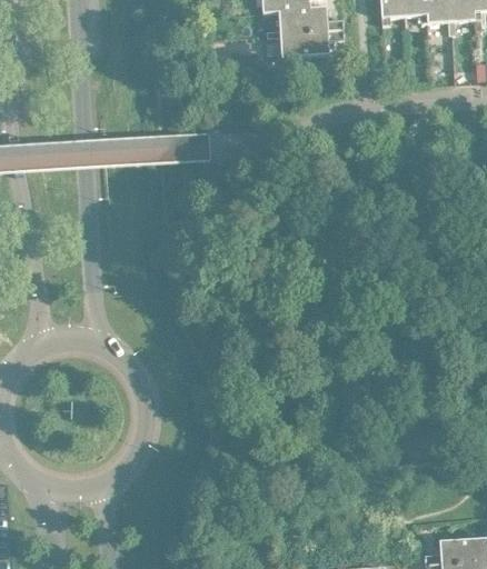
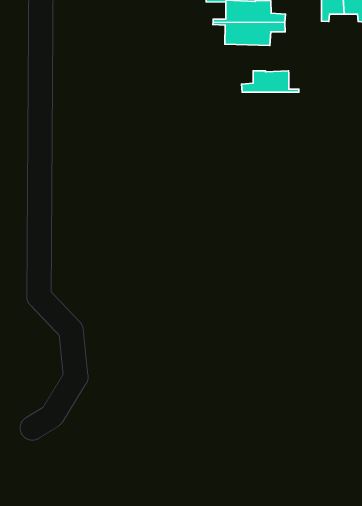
building: none -> [242,71,299,92]

